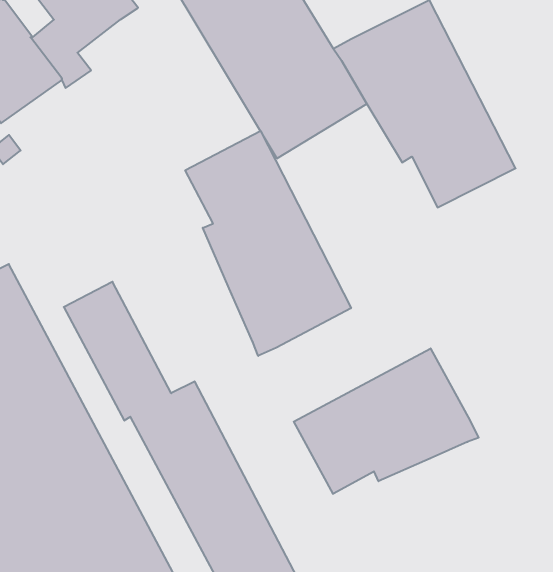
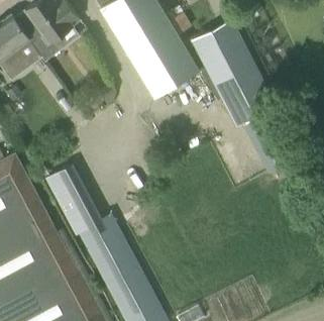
building: [185,131,351,356] -> none
building: [294,348,479,494] -> none

